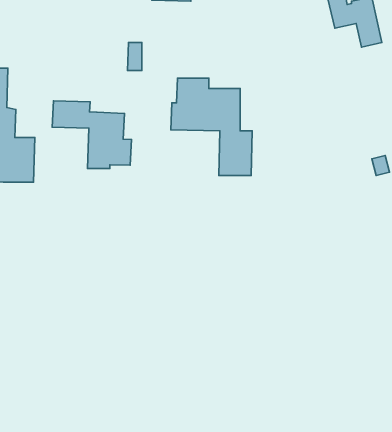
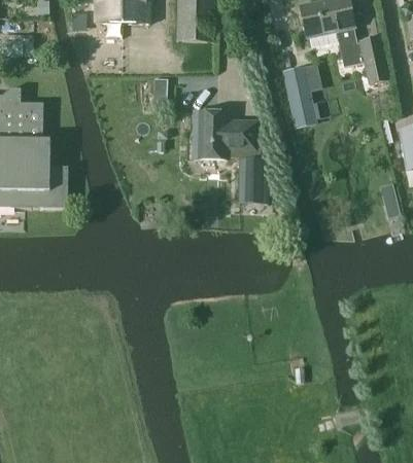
building: none -> [280,62,320,126]
building: [52,101,131,169] -> none

